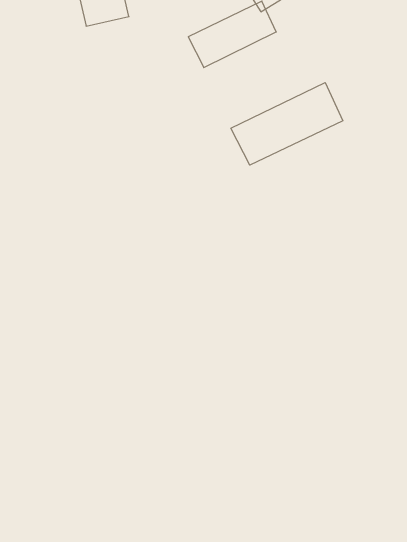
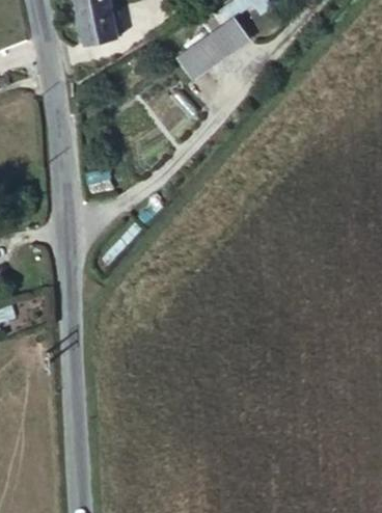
building: [231,83,343,165] -> none

